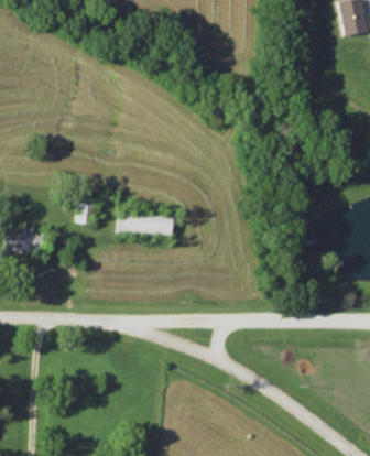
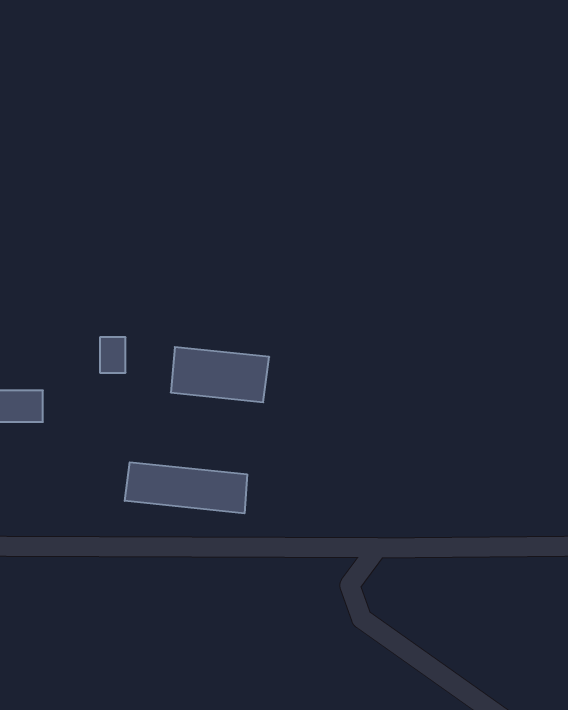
building: none -> [125,462,247,513]

